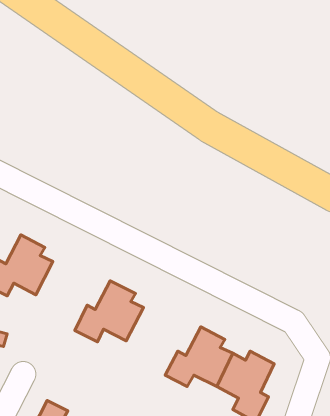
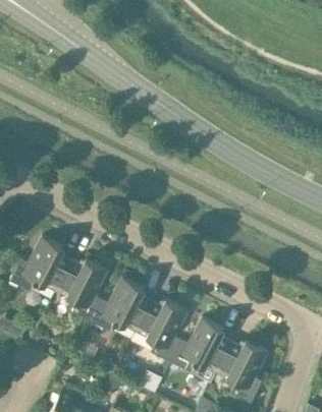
building: none -> [55,259,107,321]
building: none -> [136,299,186,361]

